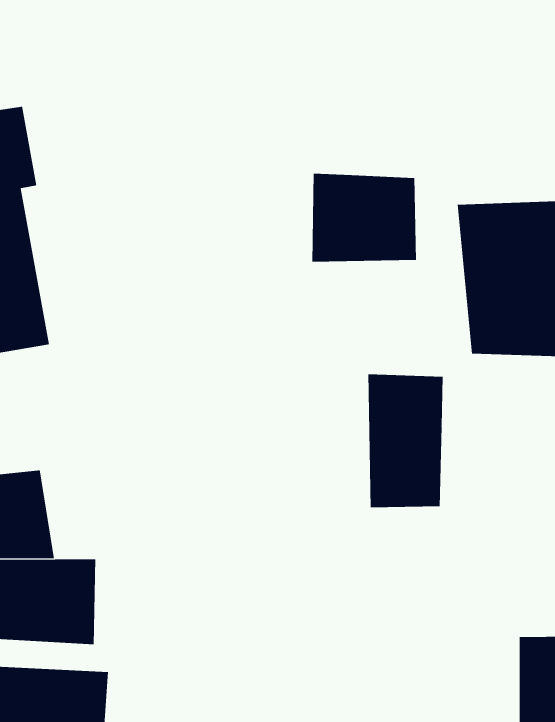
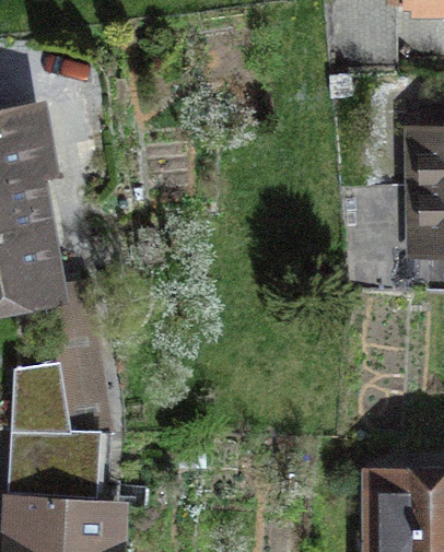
building: [312,173,416,262] -> none
building: [368,373,443,508] -> none

